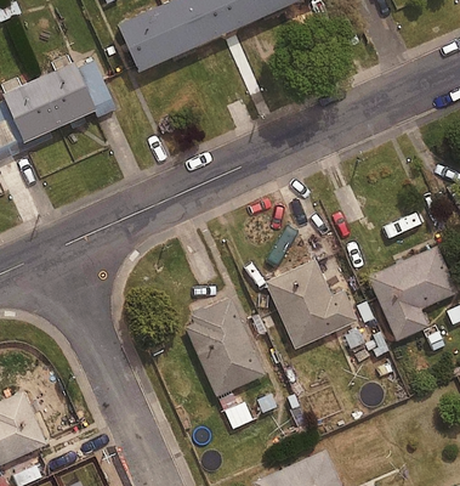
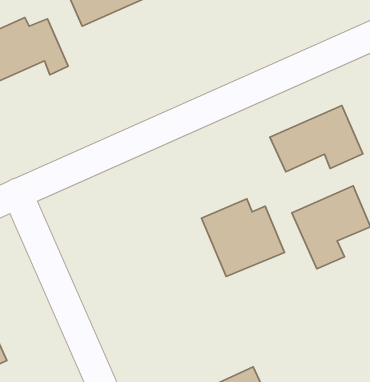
building: none -> [270,105,363,172]
building: [182,299,276,417] -> none

